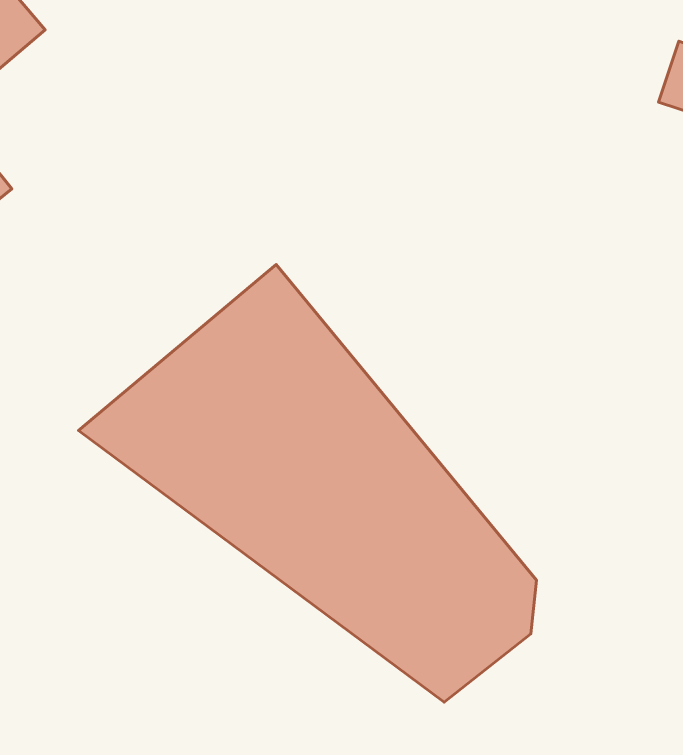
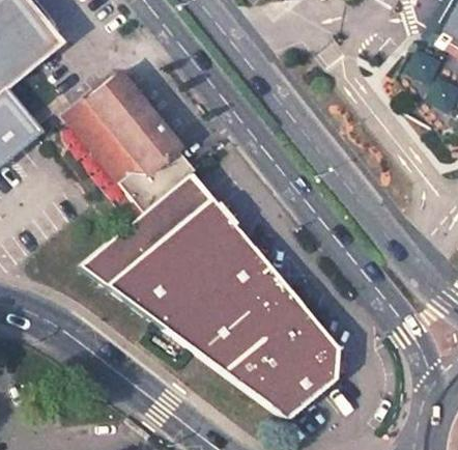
building: none -> [65,71,198,209]

